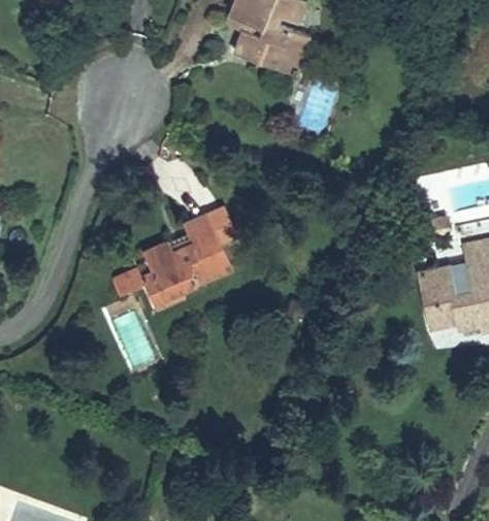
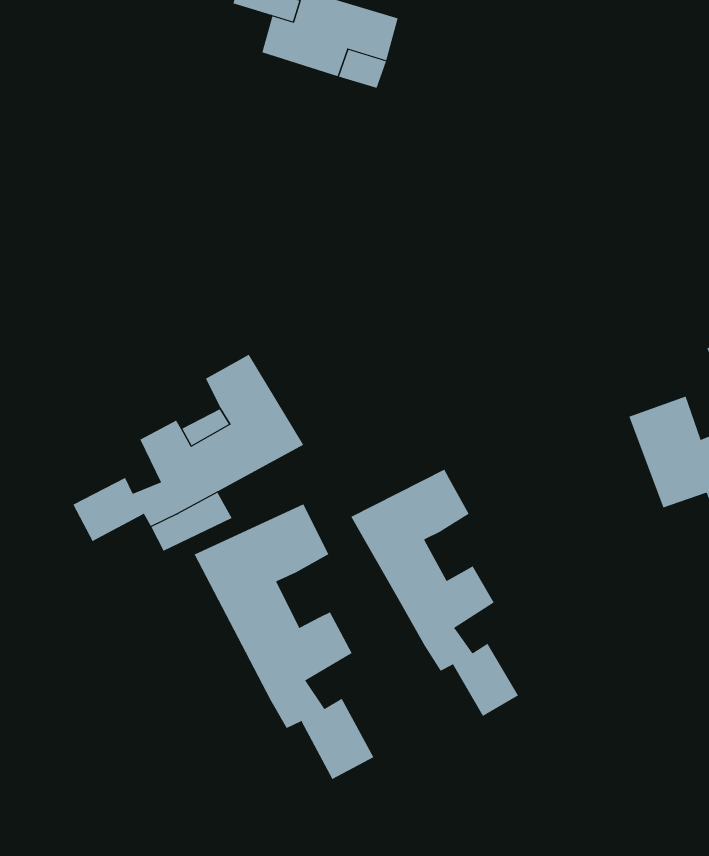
building: none -> [351,469,519,717]
building: none -> [194,503,374,780]

